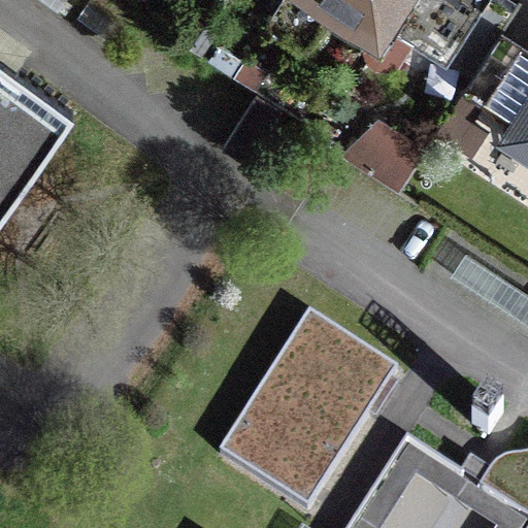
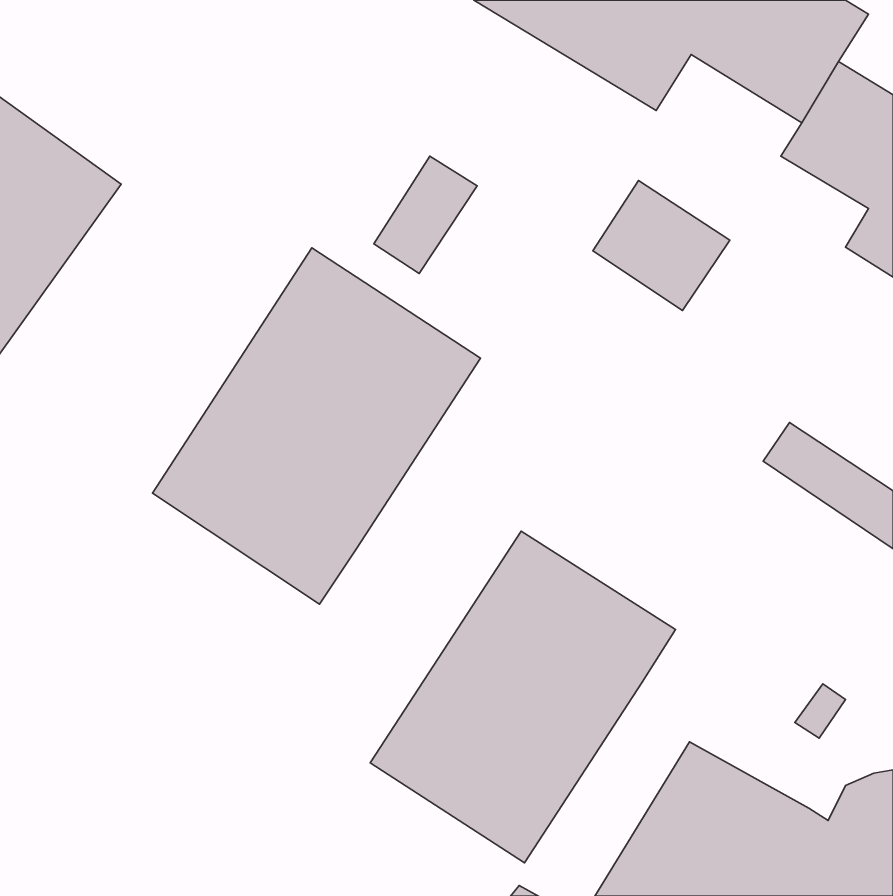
building: none -> [152,248,481,604]

